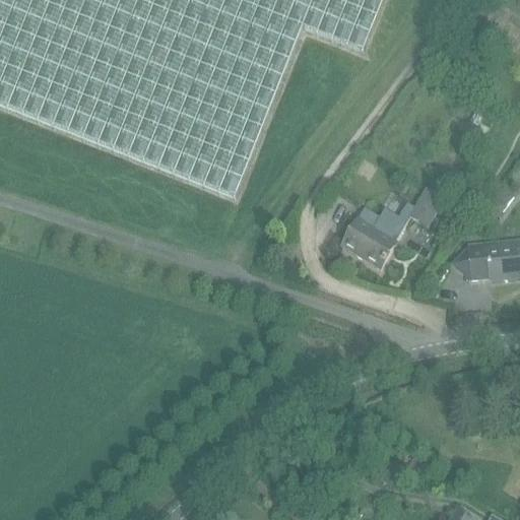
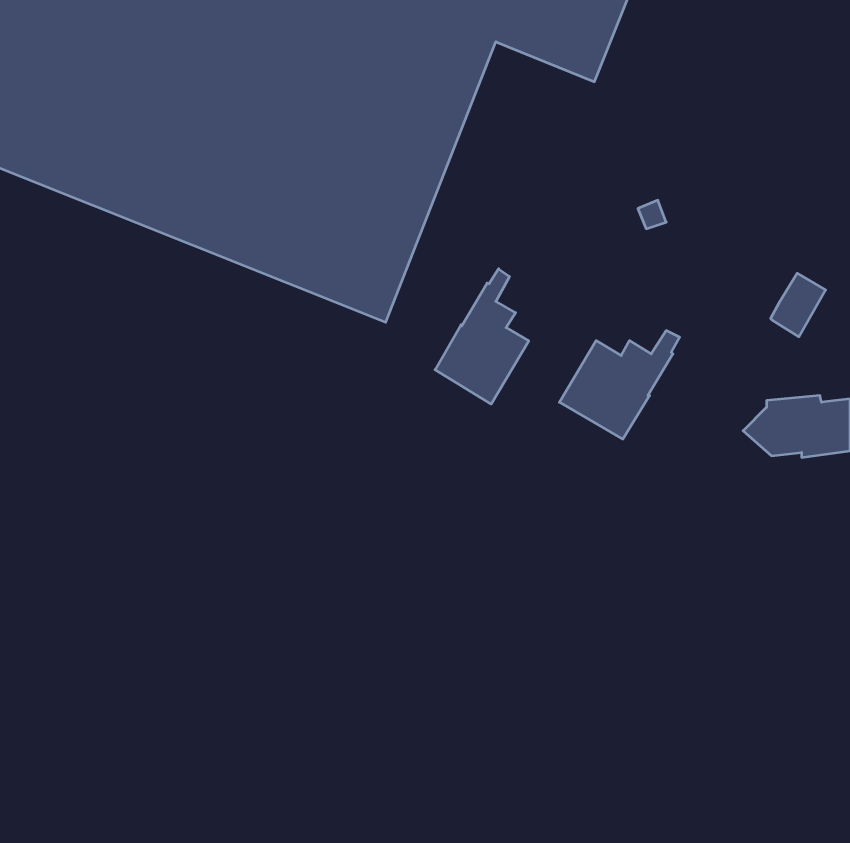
building: none -> [435,269,529,404]
building: [408,187,442,225] -> [771,273,826,337]

